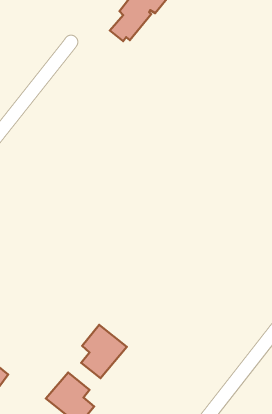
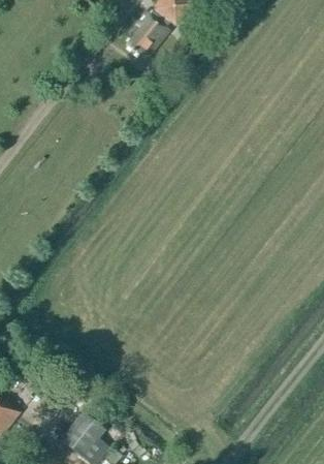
building: [81,325,127,378] -> none

